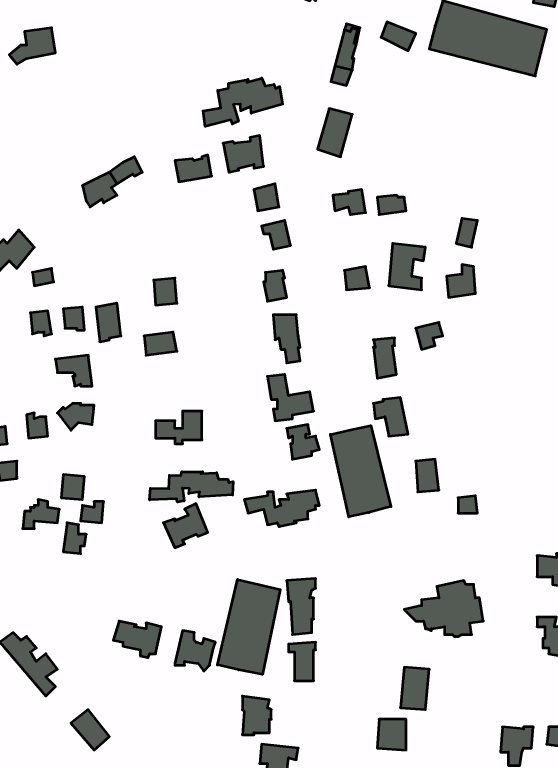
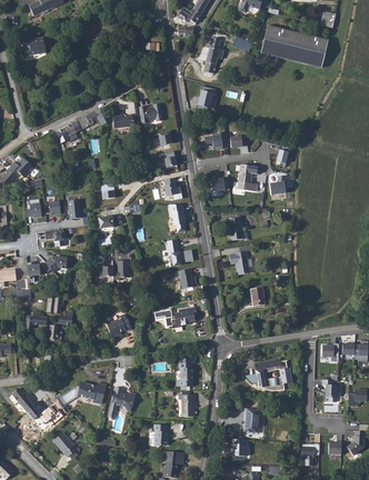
building: [203,78,283,126] -> none
building: [330,426,391,517] -> none
building: [150,472,233,502] -> none
building: [217,579,280,674] -> none

